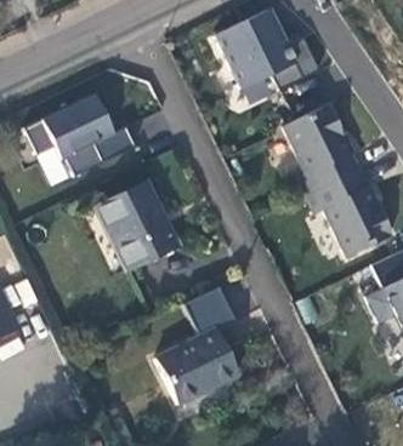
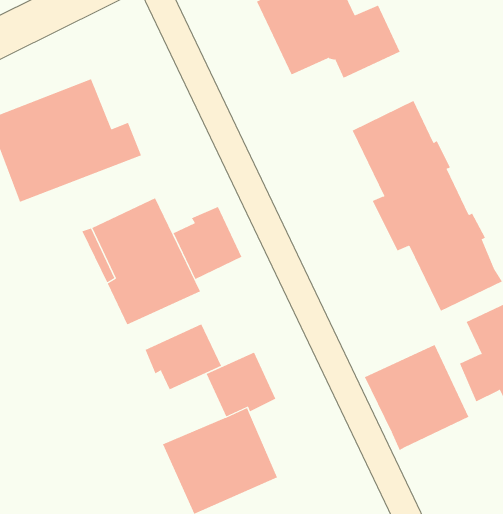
building: none -> [173,206,242,280]
building: none -> [145,324,222,390]
building: none -> [364,344,469,451]

